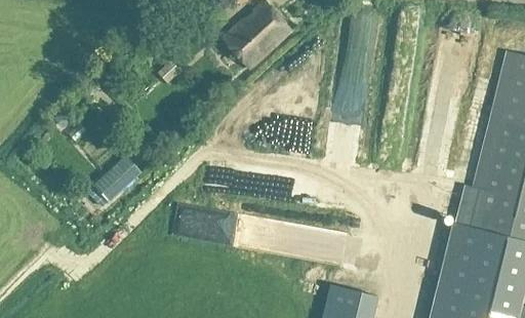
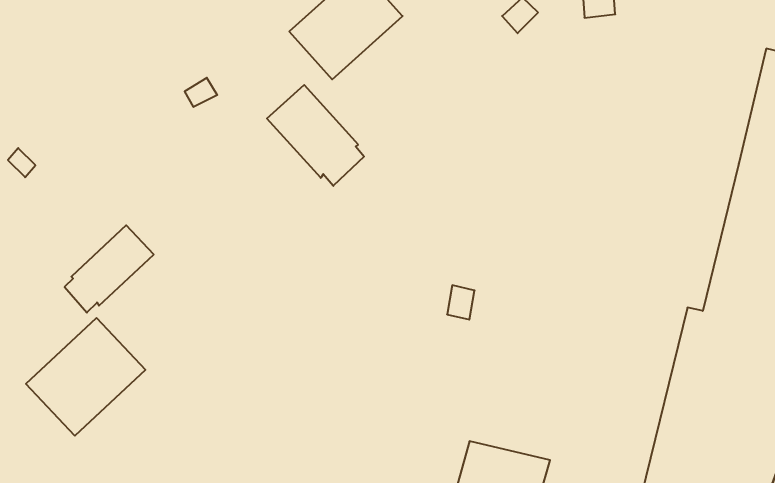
building: none -> [267,85,364,186]
building: none -> [26,318,145,436]

